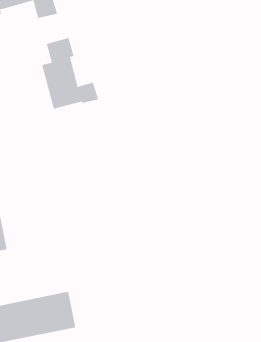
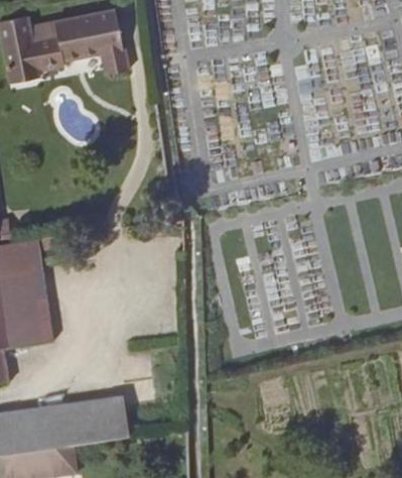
building: [41,37,99,109] -> none

